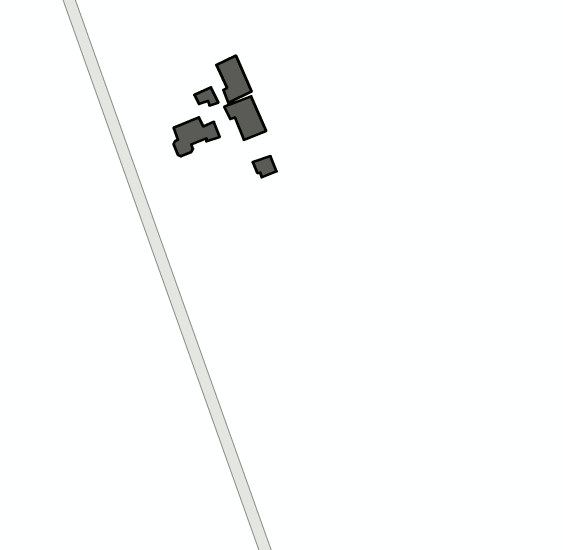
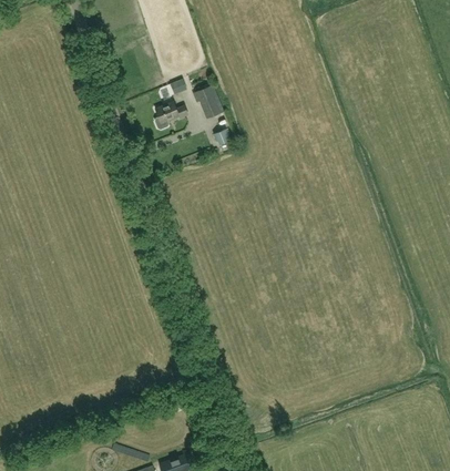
building: [216,56,251,103] -> none

